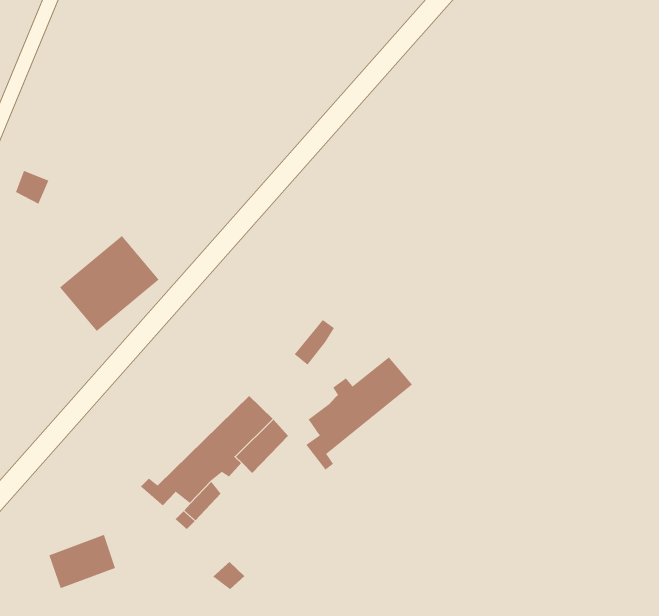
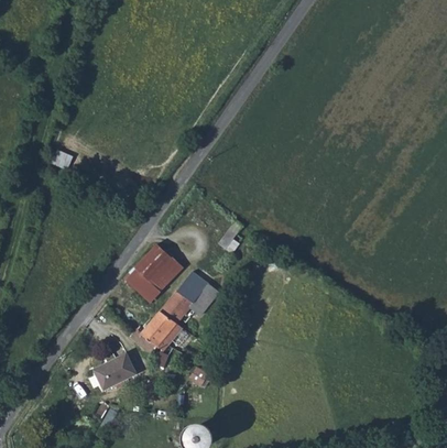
building: [59,235,159,332] -> [127,241,184,298]
building: [306,357,413,471] -> none

